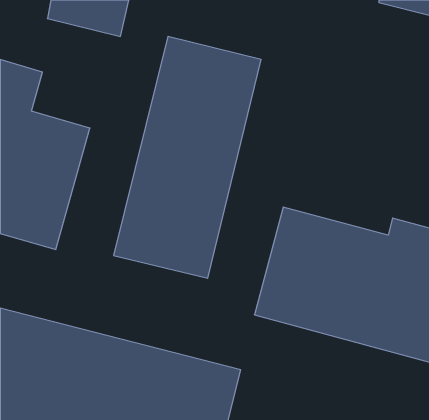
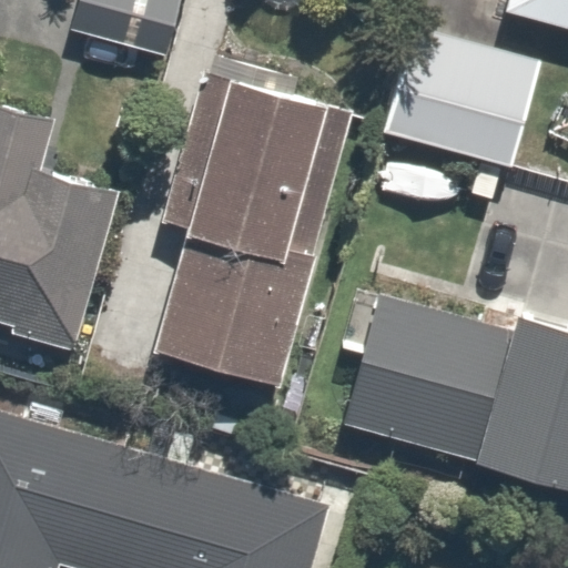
building: none -> [390,36,544,162]

